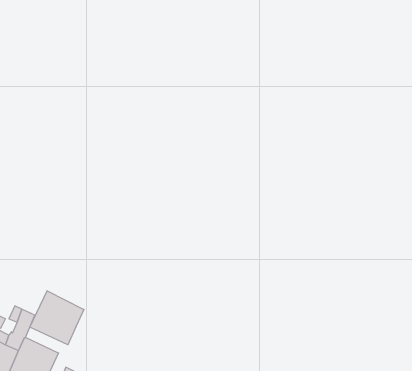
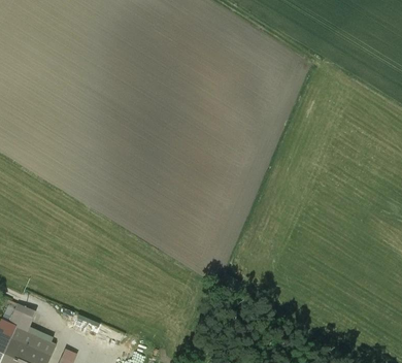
building: [30,291,84,345] -> none

